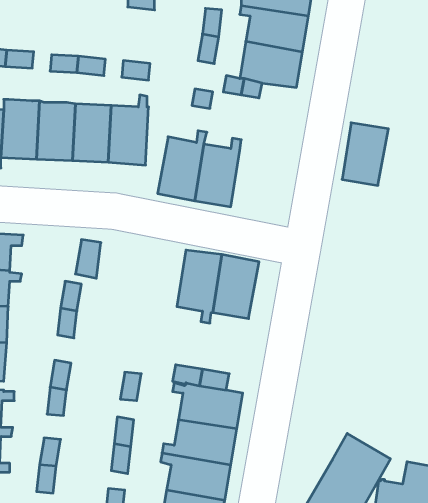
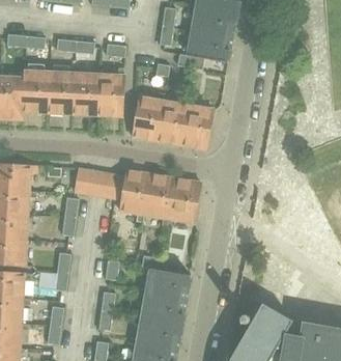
building: [342,123,388,185] -> [181,106,214,149]
building: none -> [105,170,150,222]

